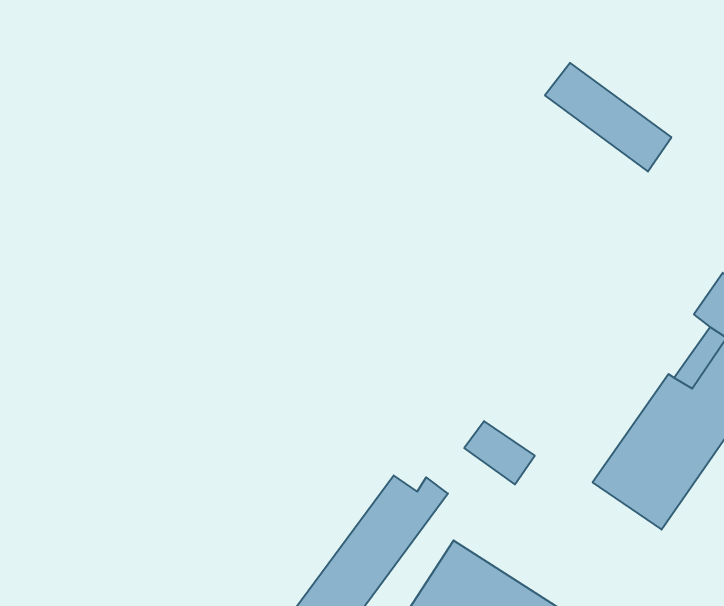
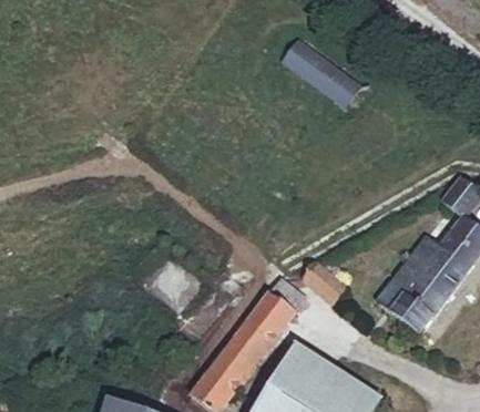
building: [545,63,671,172] -> [280,41,358,107]

